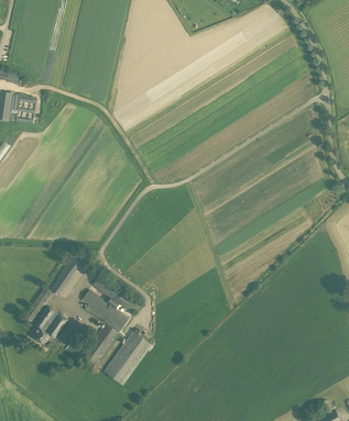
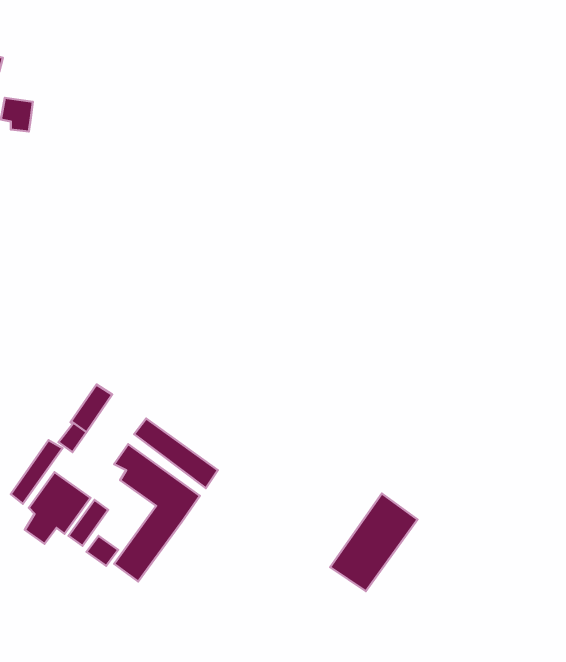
building: [103,331,152,385] -> [330,493,418,591]

